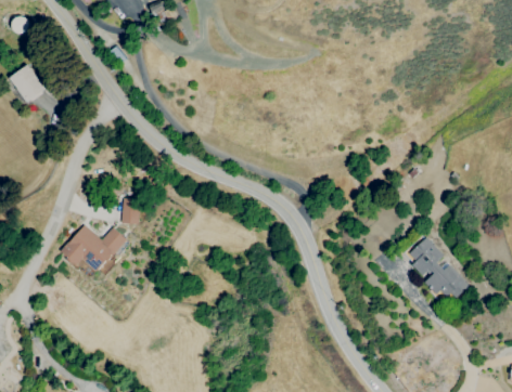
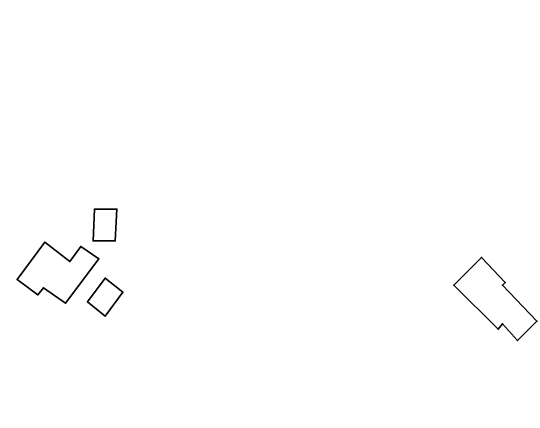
building: none -> [88,278,123,316]

